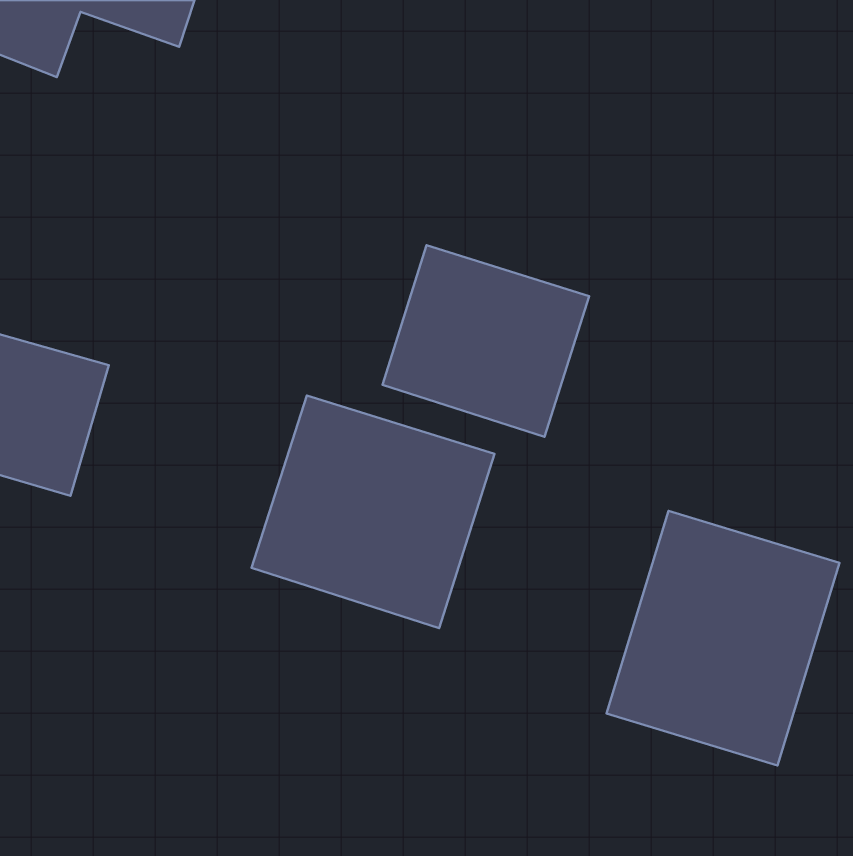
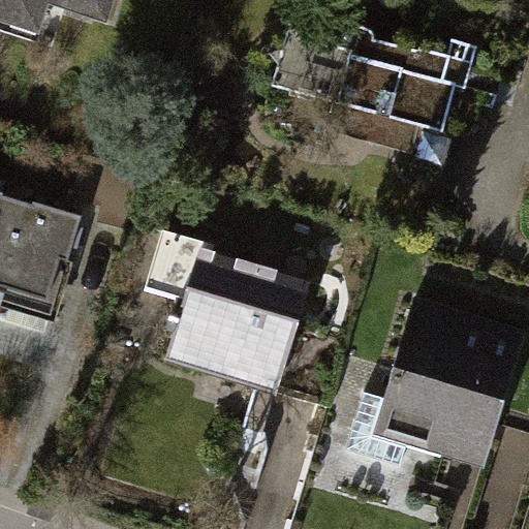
building: none -> [267,12,472,157]
building: [383,245,589,437] -> none

